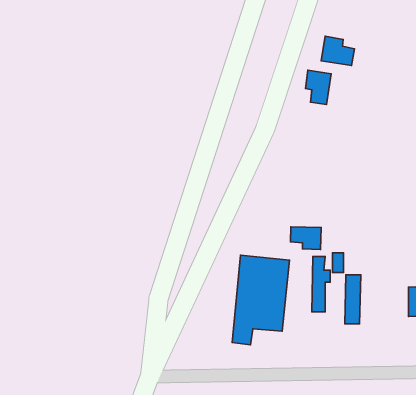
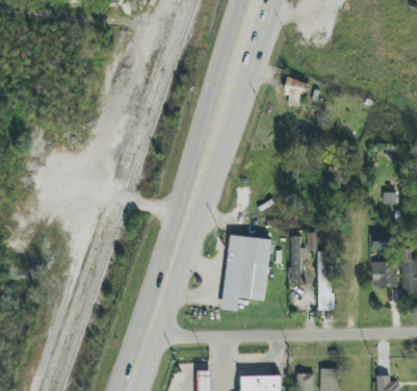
building: [321,36,354,66] -> none
building: [290,227,321,250] -> none

